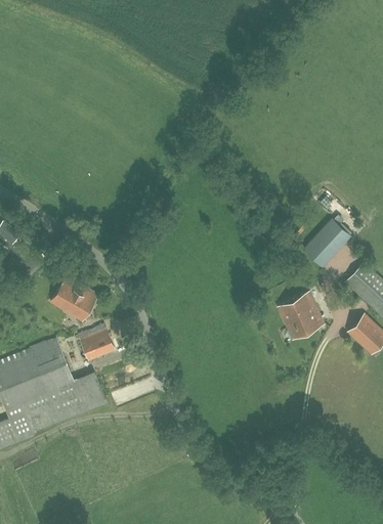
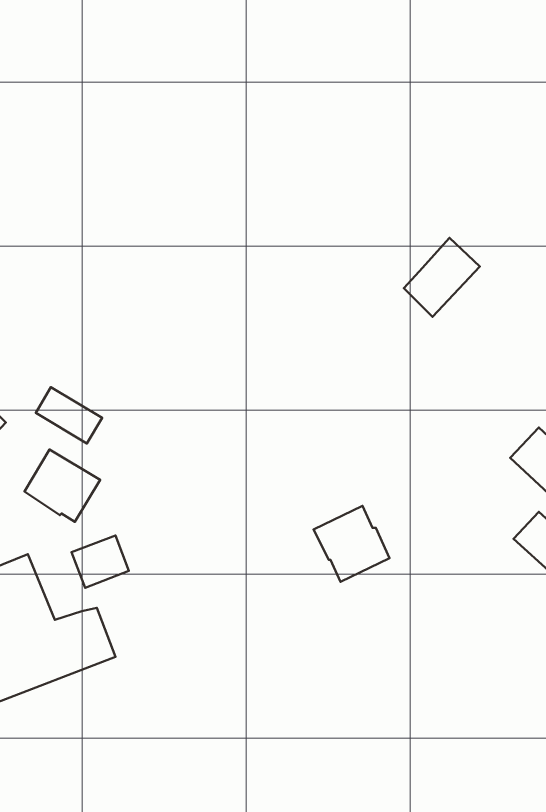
building: [304,218,350,266] -> [404,238,480,317]
building: none -> [36,387,102,443]
building: [278,292,324,338] -> [314,506,389,582]

